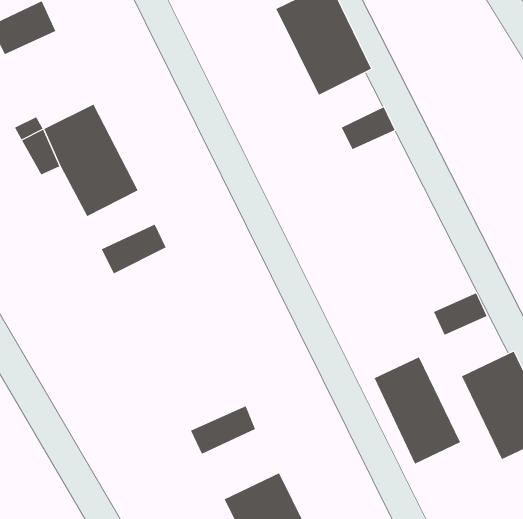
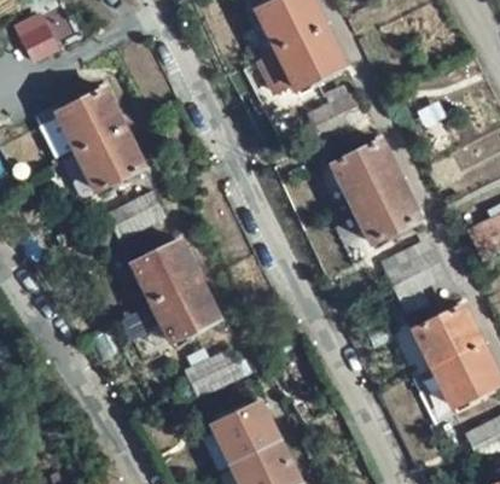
building: none -> [336,141,419,239]
building: none -> [129,240,216,343]
building: [374,357,461,465] -> none

